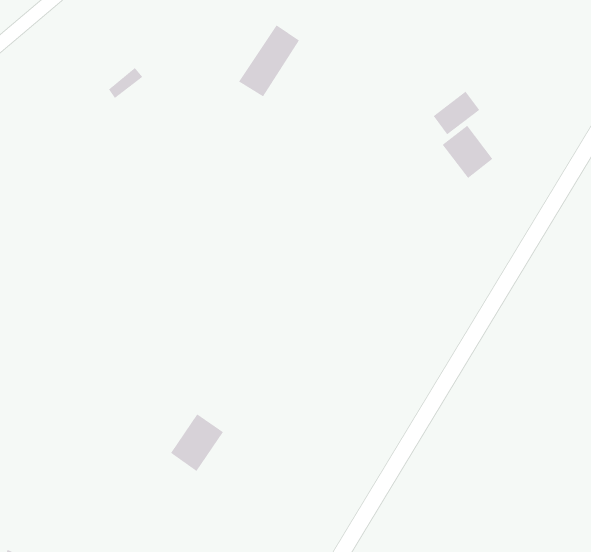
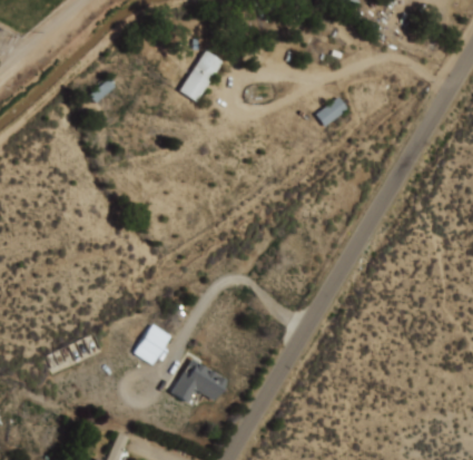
building: [442,125,493,179] -> none
building: none -> [171,359,228,403]

